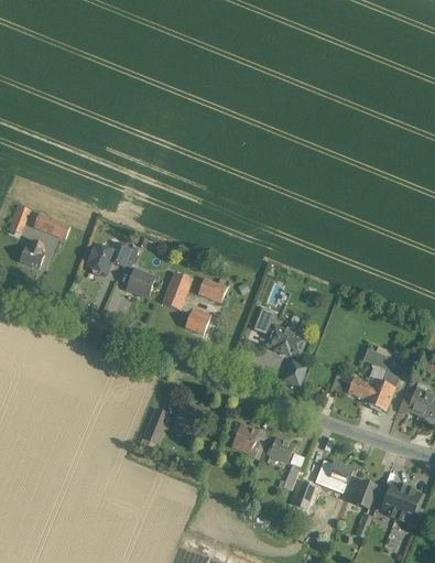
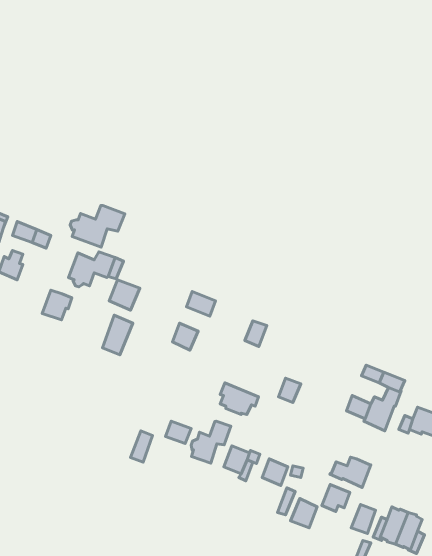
building: none -> [70,206,125,247]
building: [161,271,189,308] -> [102,315,133,355]
building: none -> [42,290,72,320]
building: [269,325,305,355] -> [220,383,259,414]
building: none -> [191,421,231,463]
building: none -> [330,457,371,487]

